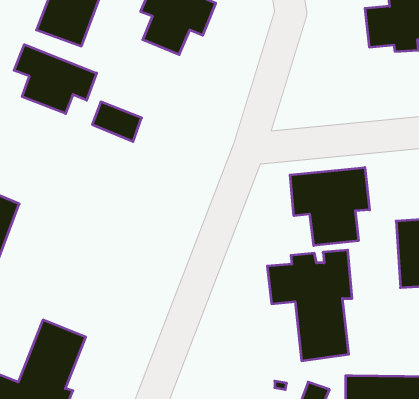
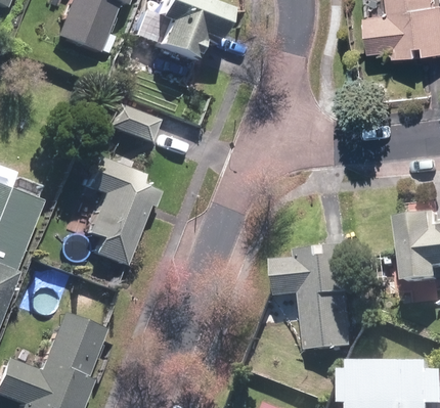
building: [14,45,97,114] -> none
building: none -> [85,160,157,267]
building: [290,167,370,246] -> none

